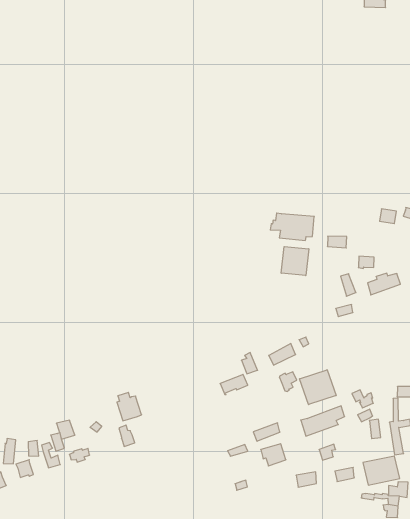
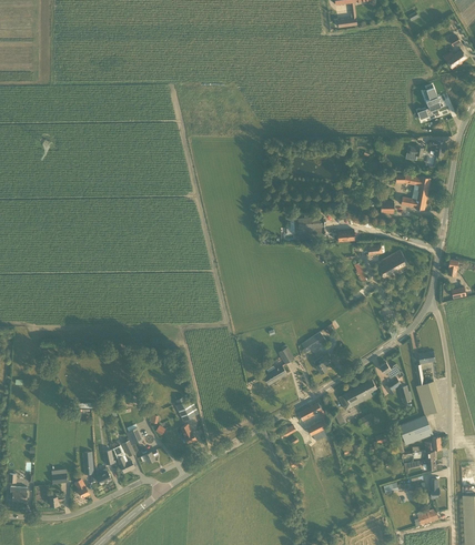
building: [281,247,309,276] -> none
building: [300,370,336,405] -> none

